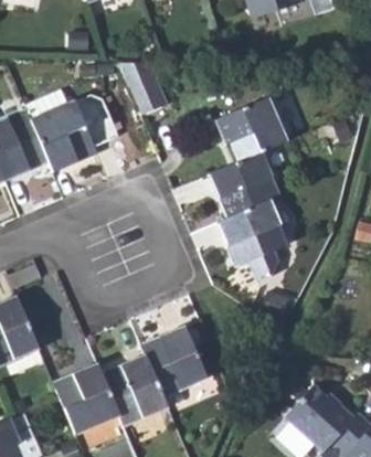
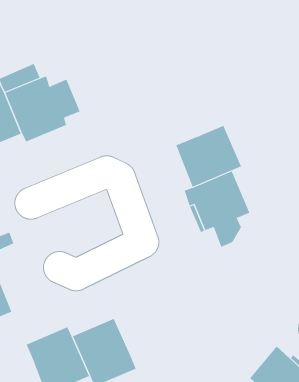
building: [119,63,167,116] -> none
building: [216,99,287,164] -> none
building: [141,327,208,397] -> none

